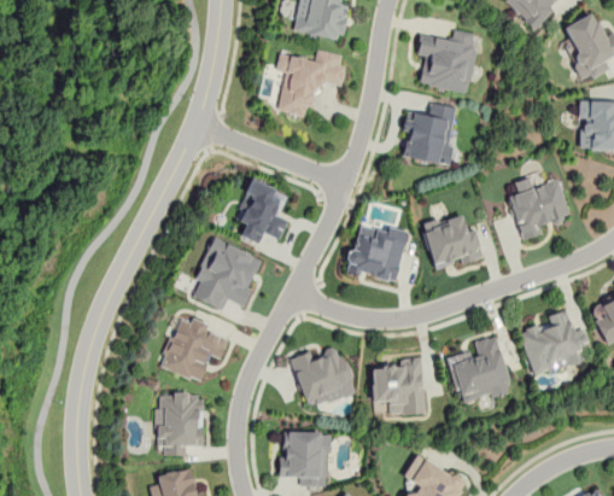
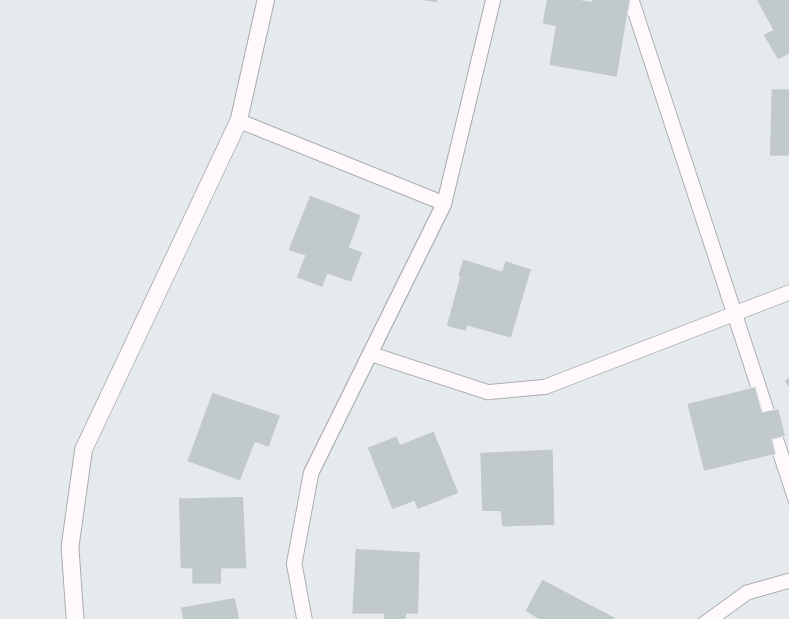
building: [275,51,345,116] -> none
building: [403,101,456,163] -> none
building: [508,175,573,238] -> none
building: [422,214,485,269] -> none
building: [189,238,264,310] -> none
building: [450,335,511,404] -> none

